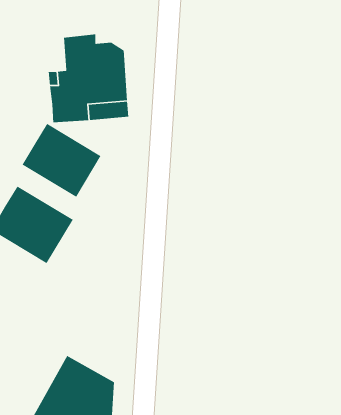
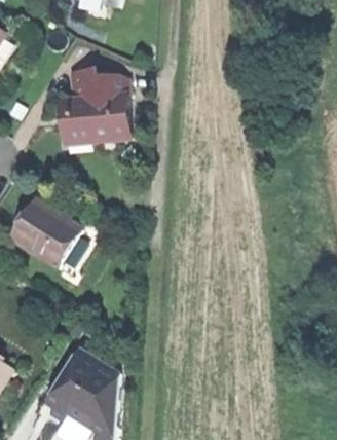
building: [22,123,102,198] -> none

